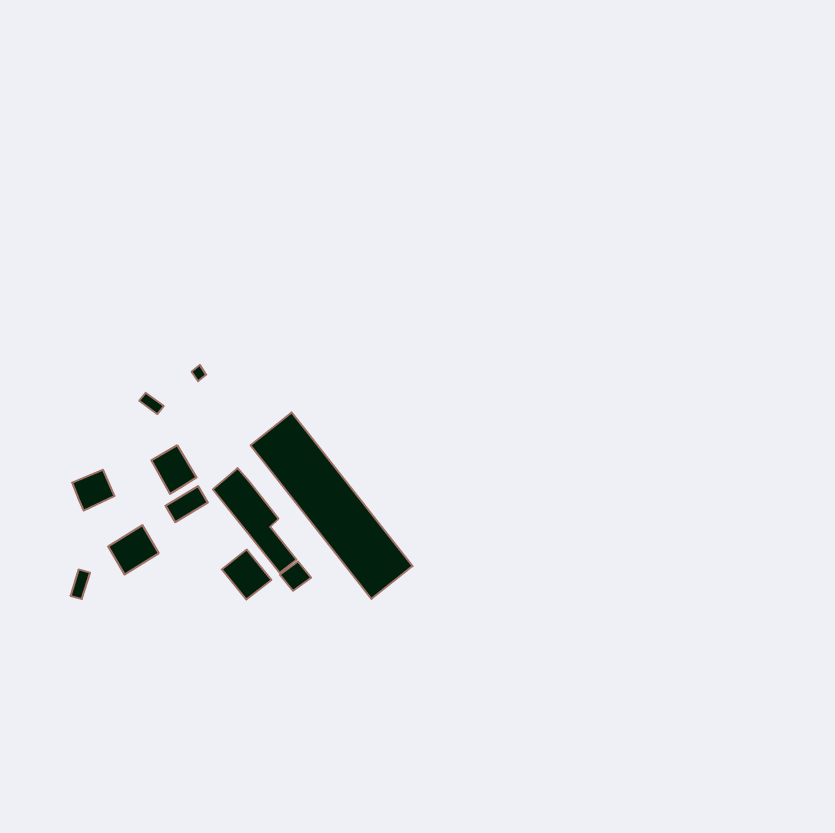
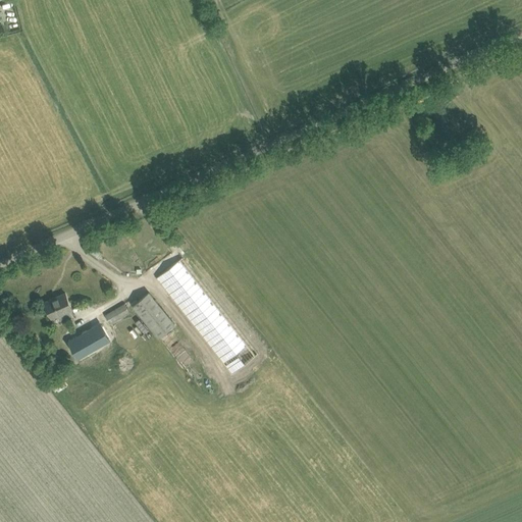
building: [151,445,197,494] -> none
building: [222,550,271,600] -> none

